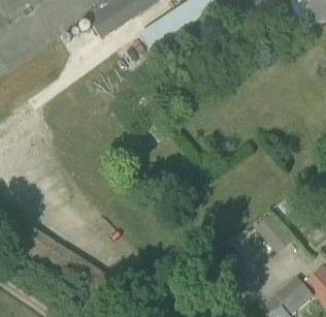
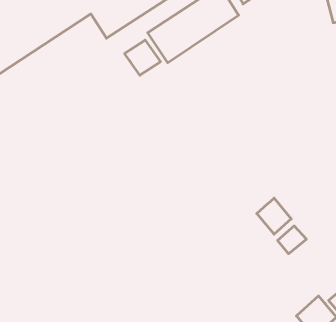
building: none -> [125,40,160,75]
building: none -> [257,198,291,234]

